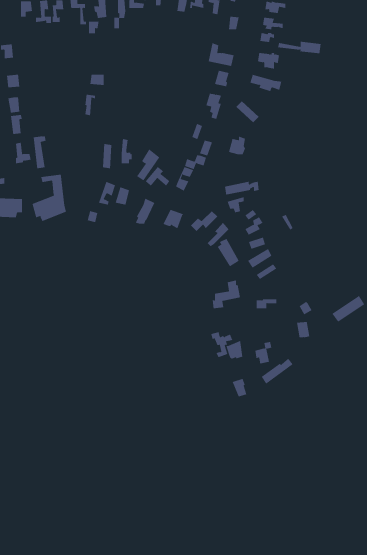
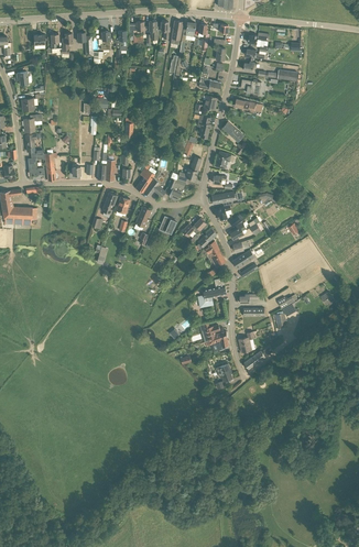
building: [32,174,67,222] -> none

